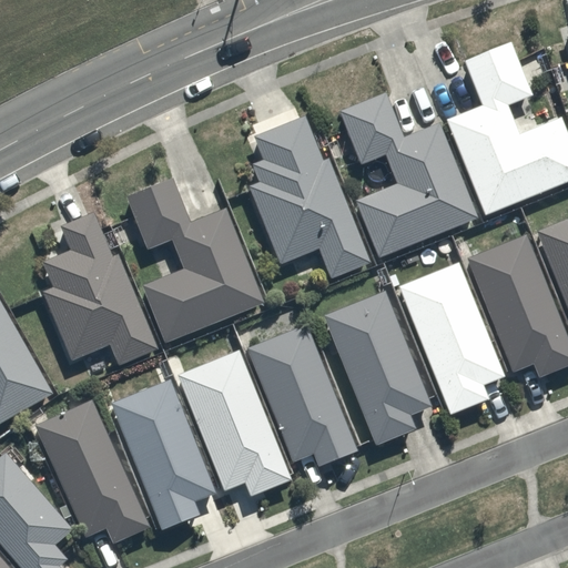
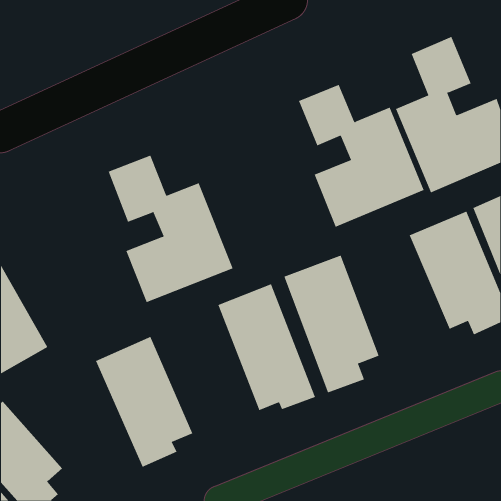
building: [245,119,374,277] -> none
building: [34,212,162,369] -> none
building: [395,258,508,416] -> none
building: [174,344,293,496] -> none
building: [32,402,152,544] -> none

